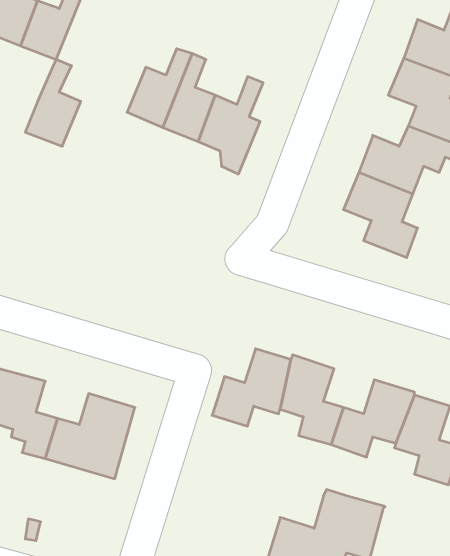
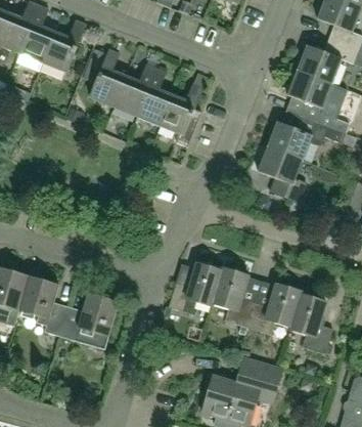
building: [25,60,81,146] -> [89,49,126,106]

